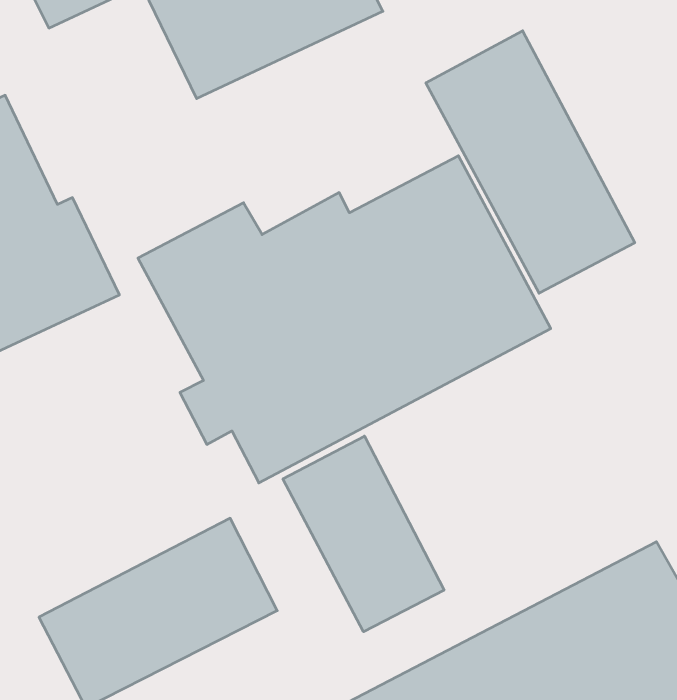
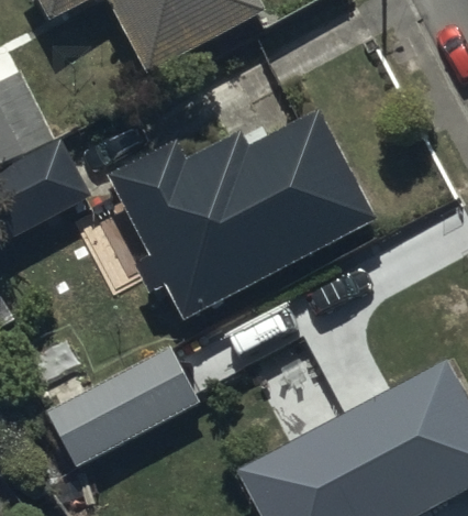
building: [426,31,635,293] -> none
building: [283,436,444,632] -> none

